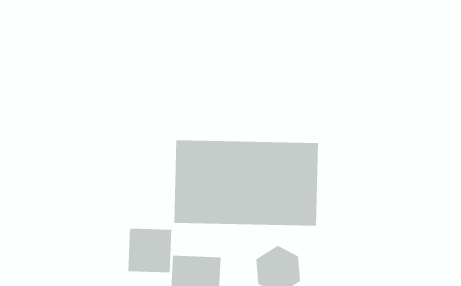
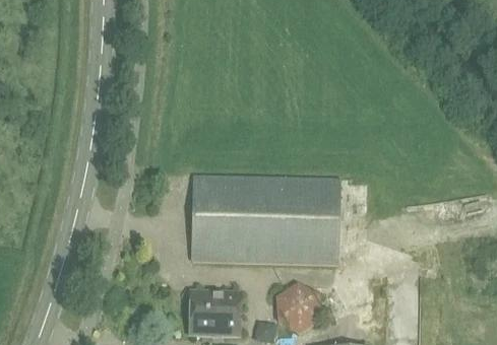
building: [128,228,172,273] -> none

